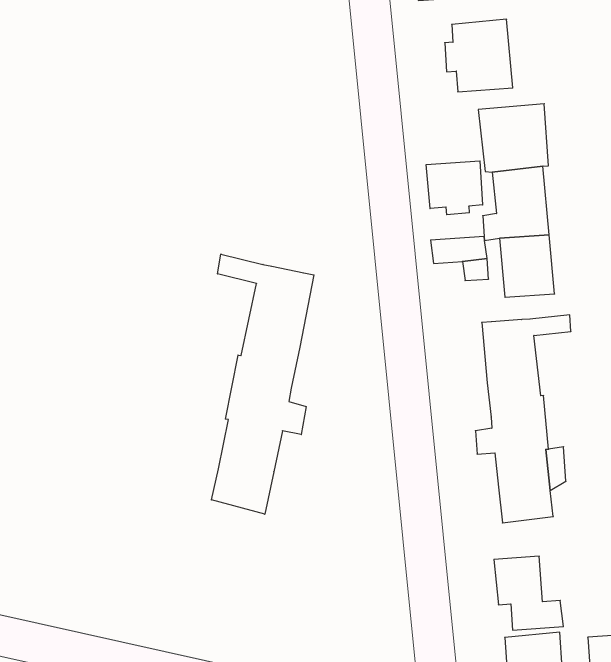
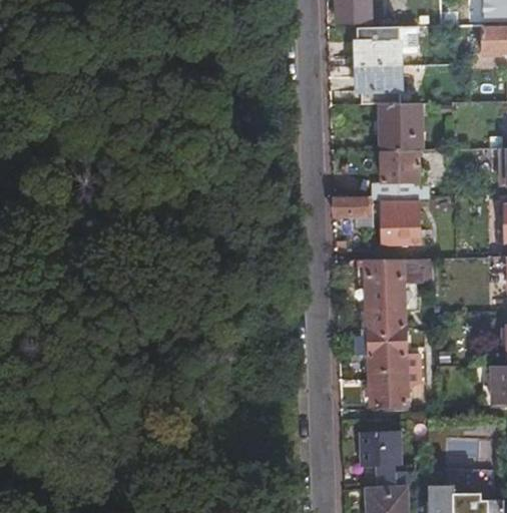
building: [426,161,483,215] -> none
building: [211,254,314,514] -> none

